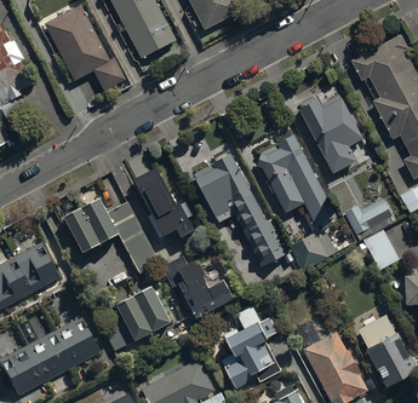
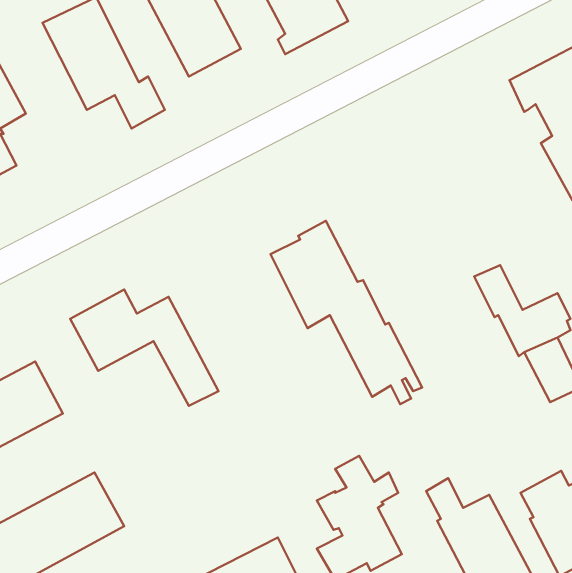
building: [296,93,360,175] -> none
building: [258,133,334,269] -> none
building: [133,165,194,235] -> none
building: [161,255,233,317] -> none
building: [103,278,172,351] -> none

